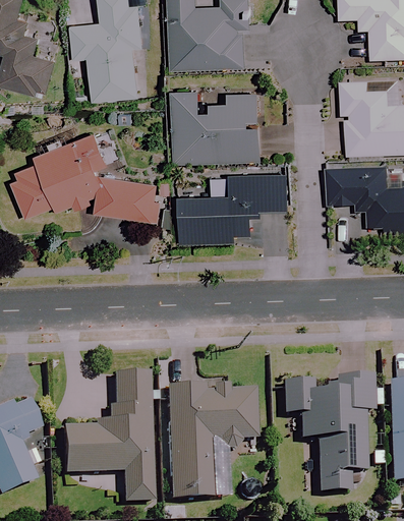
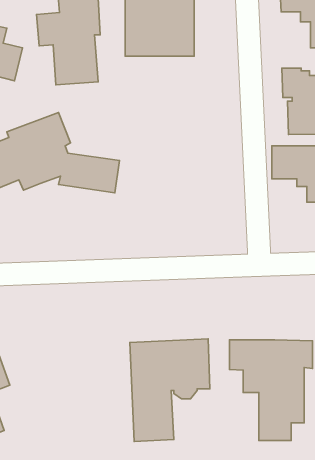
building: [170,88,258,162] -> none
building: [174,170,285,240] -> none
building: [60,375,151,503] -> none

